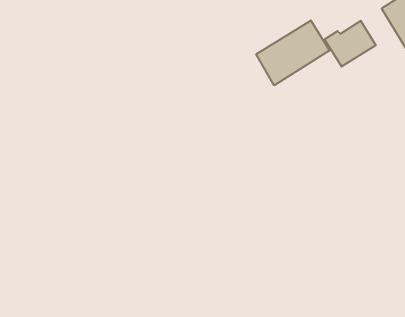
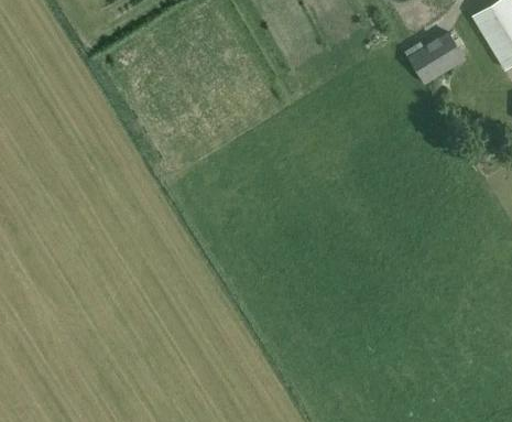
building: [256,20,329,85] -> none

